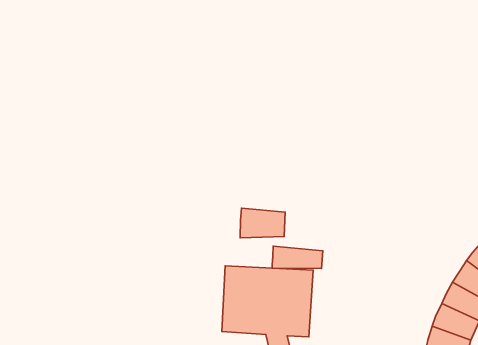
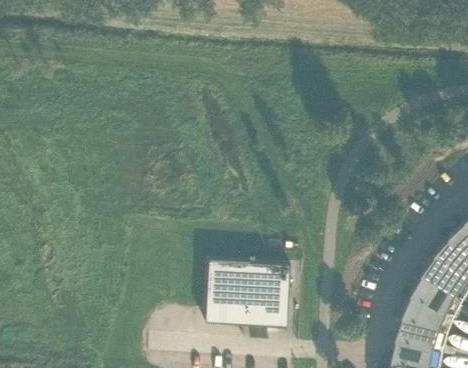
building: [240,208,285,238] -> none
building: [272,246,323,268] -> none

